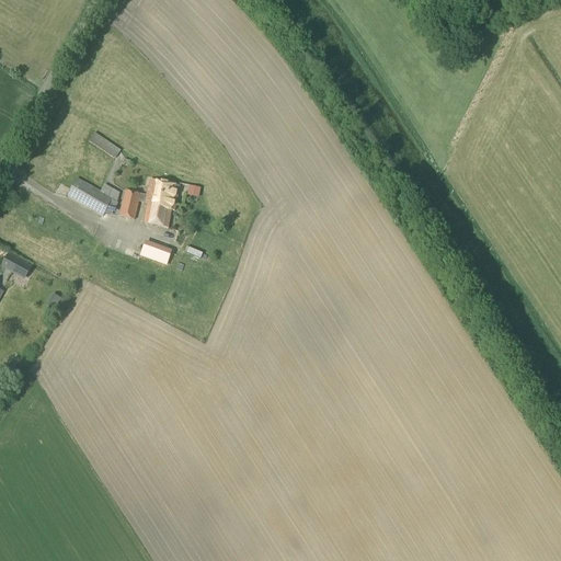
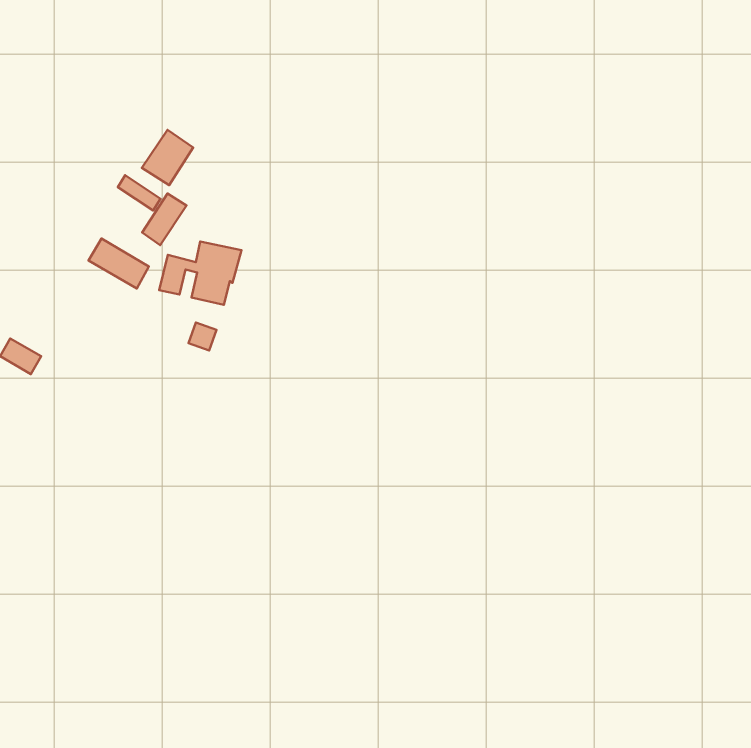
building: none -> [142,130,193,185]
building: none -> [142,193,187,245]

